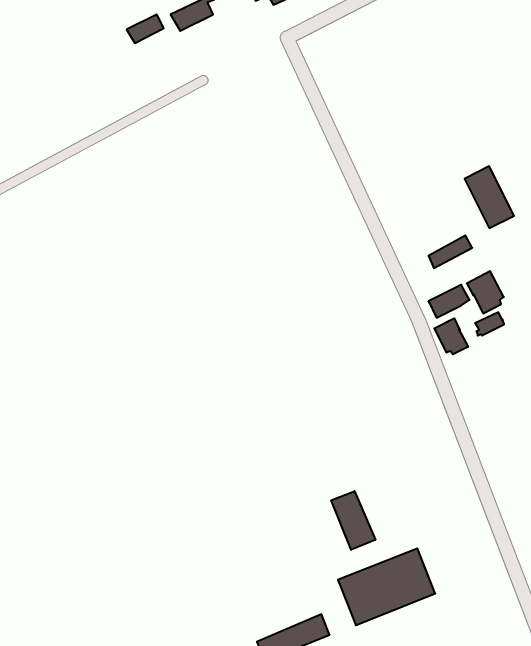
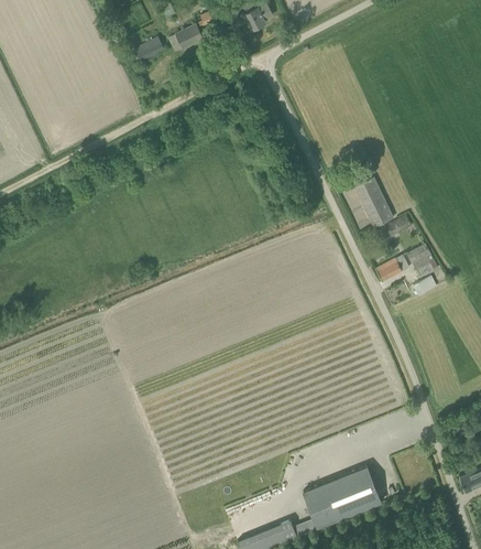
building: [465,166,514,228] -> [353,177,393,227]
building: [434,318,468,354] -> none
building: [331,491,375,550] -> none

